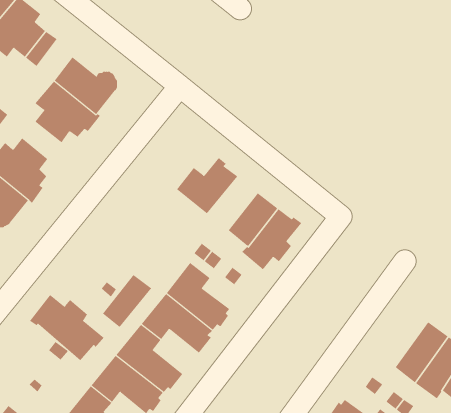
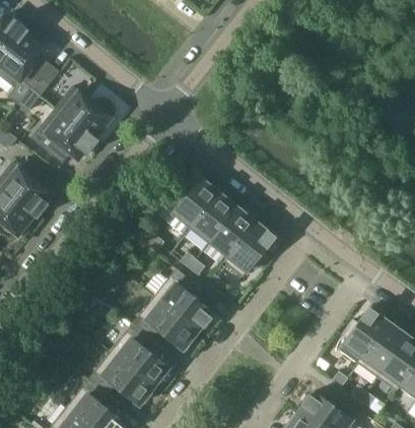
building: none -> [193,194,237,242]
building: [102,274,152,328] -> none
building: [29,294,105,361] -> none
building: none -> [340,307,389,364]

